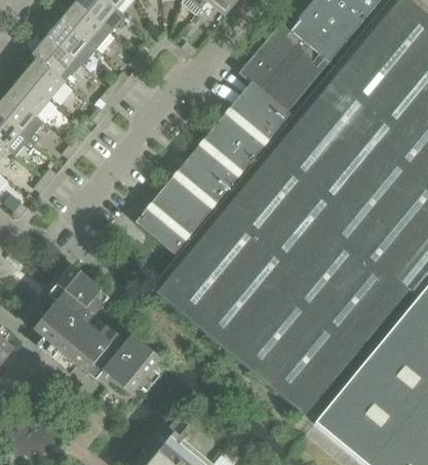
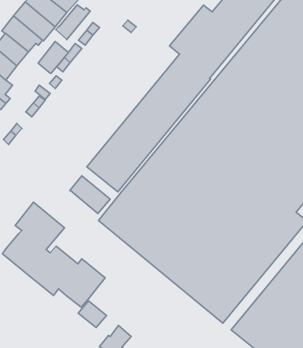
building: none -> [56,5,90,39]
building: none -> [38,42,68,73]
building: none -> [70,176,110,214]
building: none -> [78,301,106,327]

